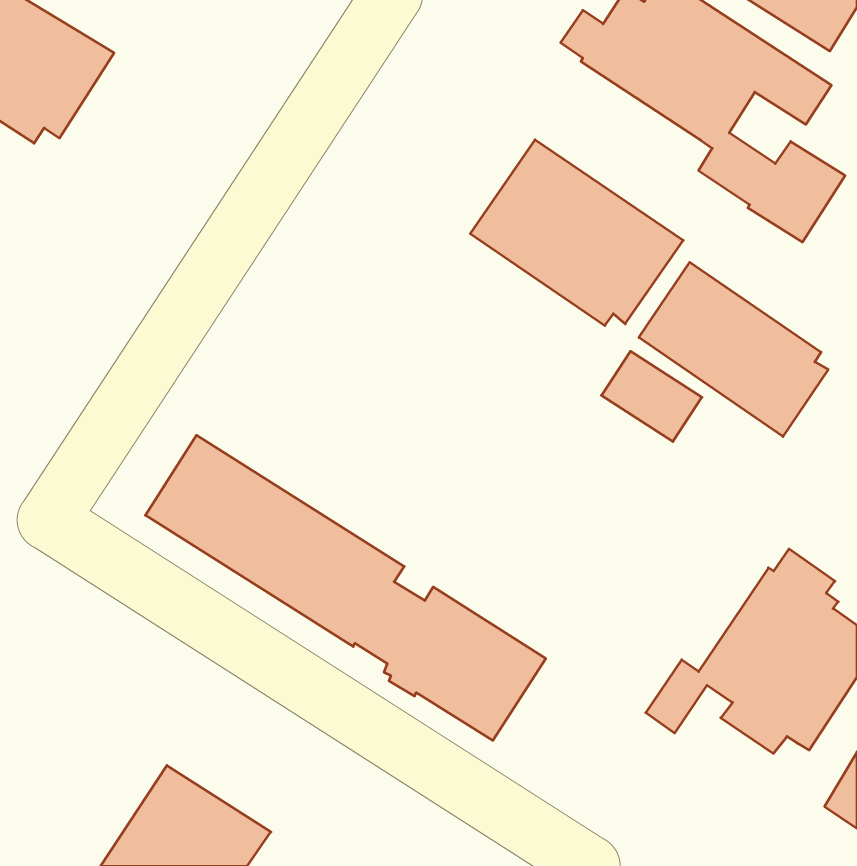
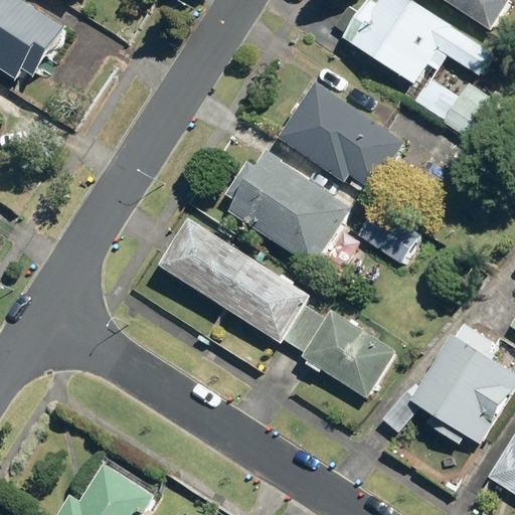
building: none -> [224,154,351,268]
building: [639,262,828,437] -> none
building: [145,435,546,740] -> [160,219,396,399]

